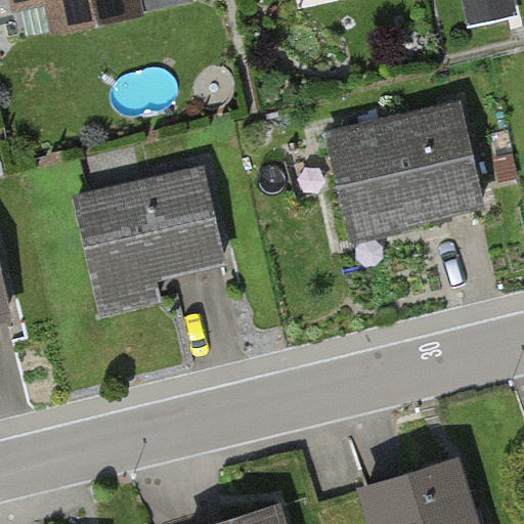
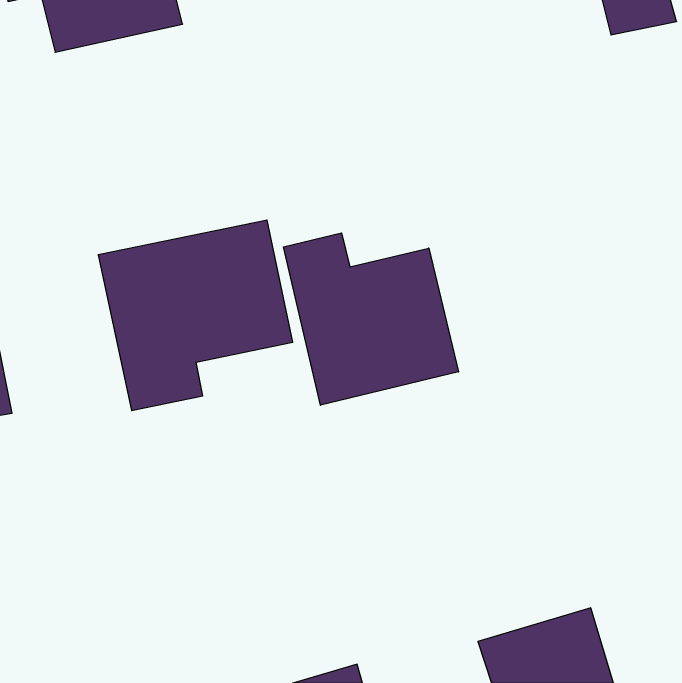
building: [329,110,479,229] -> none
building: none -> [284,233,458,405]

